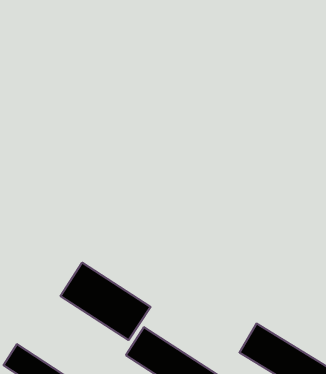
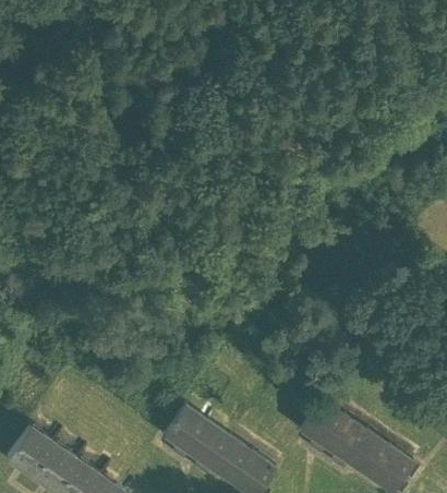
building: [61,263,150,340] -> none

